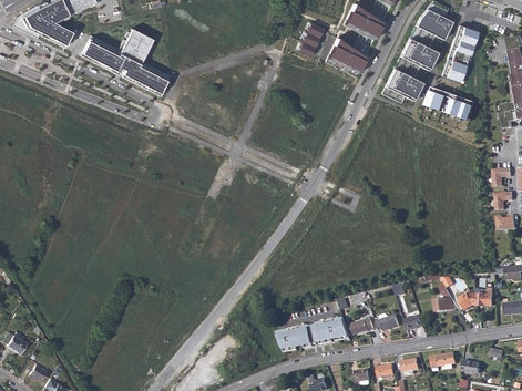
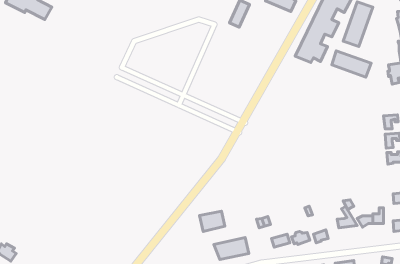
building: [80,28,170,94] -> none
building: [326,39,365,72] -> none
building: [317,317,349,342] -> [200,211,225,231]

